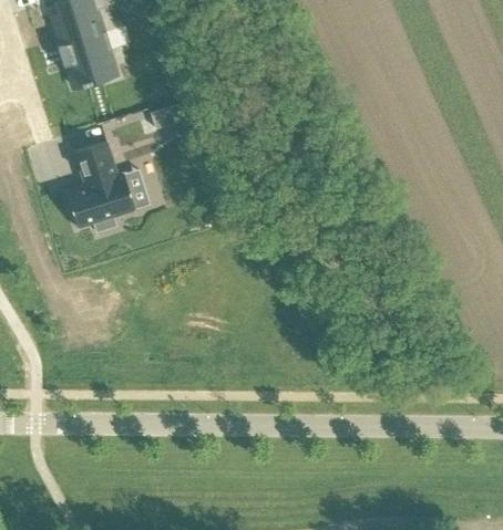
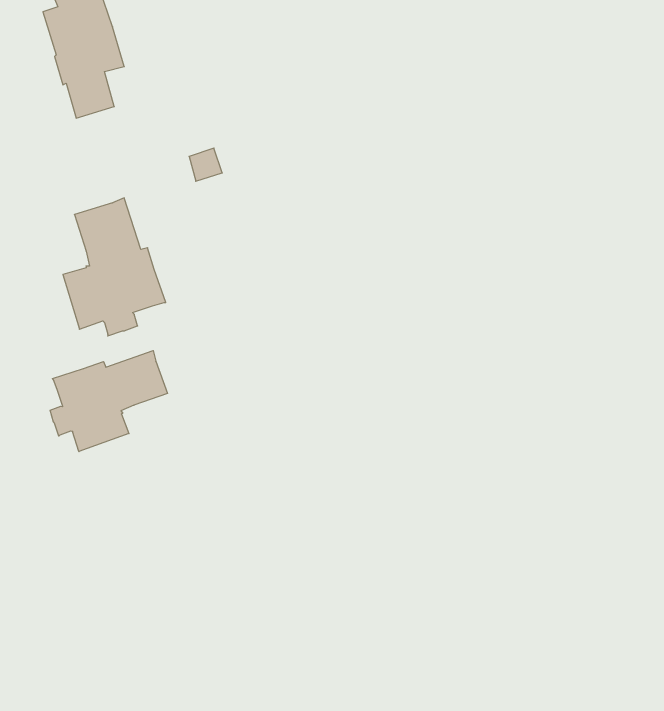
building: none -> [50,351,168,452]

